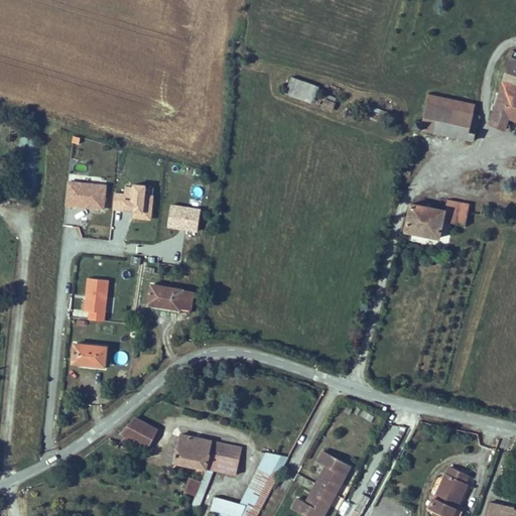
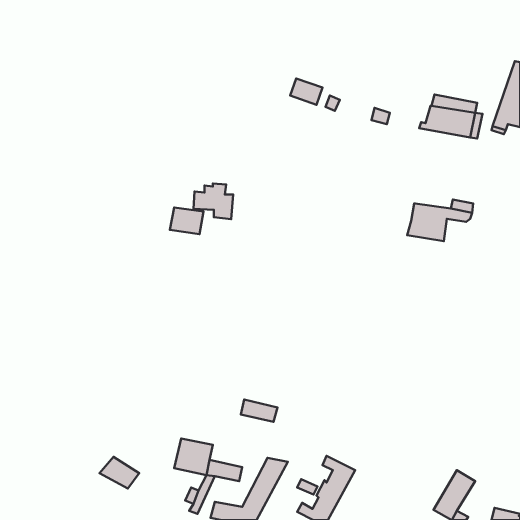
building: [68,181,106,210] -> none
building: [115,185,154,221] -> [193,183,233,219]
building: [85,279,109,319] -> none
building: [148,284,195,312] -> none
building: [72,344,109,369] -> none
building: [122,418,161,449] -> [99,457,139,489]
building: [208,440,244,463] -> [241,399,278,422]

